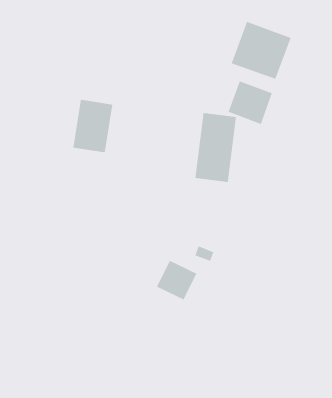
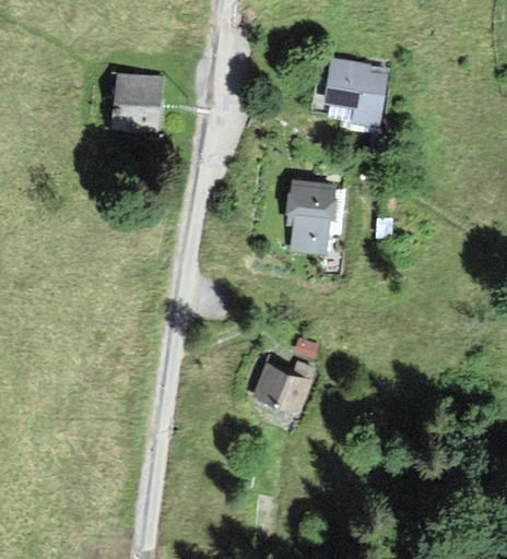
building: [228,80,273,125] -> none
building: [73,99,113,153] -> [117,69,162,132]

